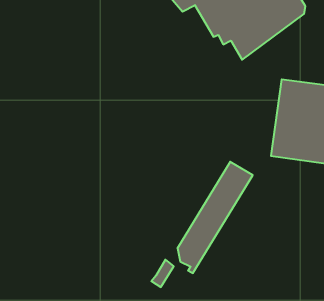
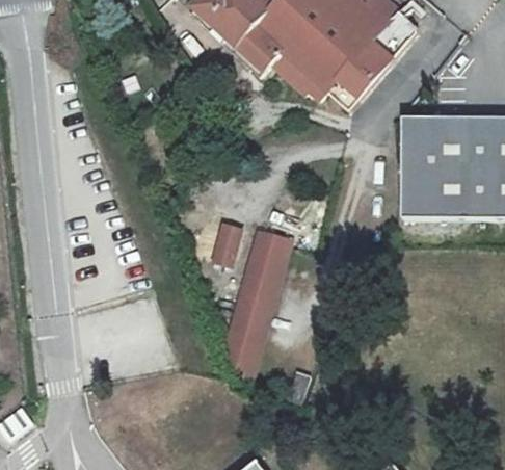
building: none -> [205,218,239,266]
building: [177,162,253,273] -> [223,229,299,371]

